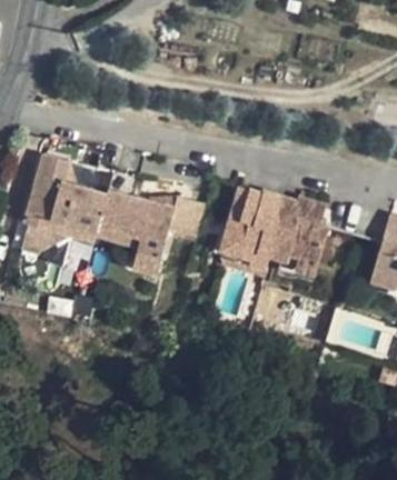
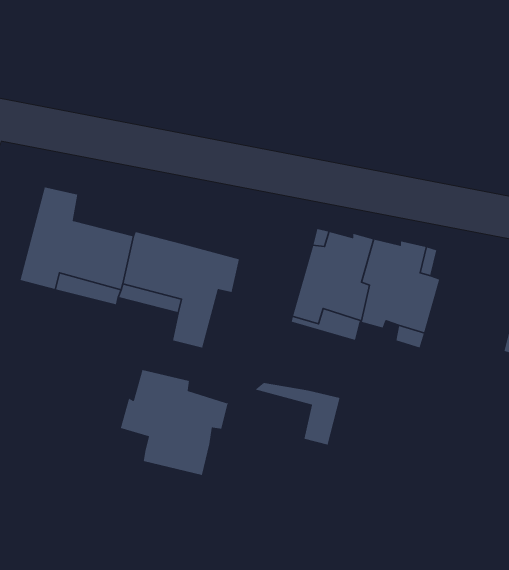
building: [141,193,204,239] -> [254,382,341,445]
building: none -> [120,369,229,476]

